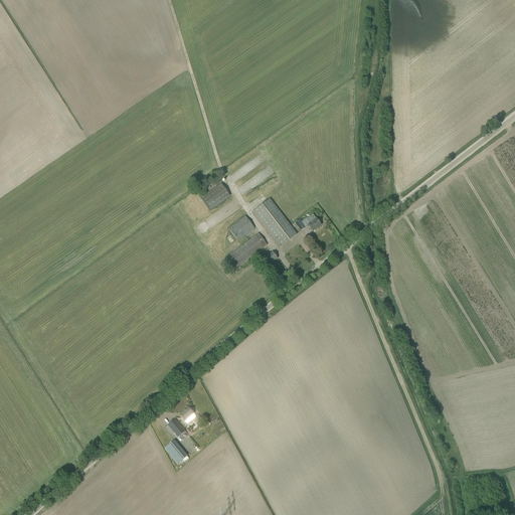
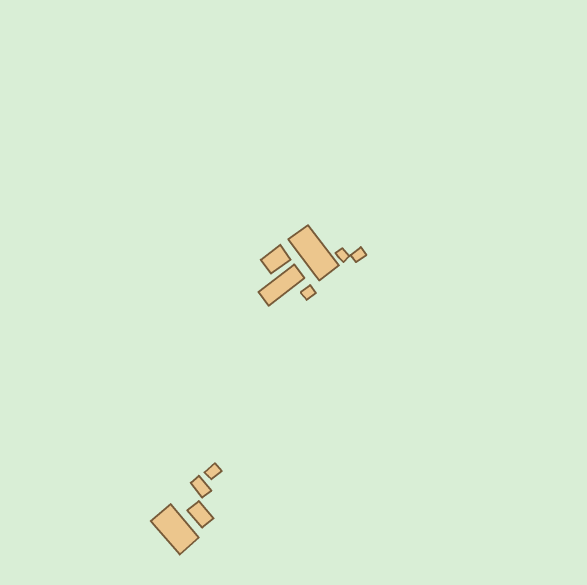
building: [201,182,229,208] -> none
building: none -> [151,504,199,555]

